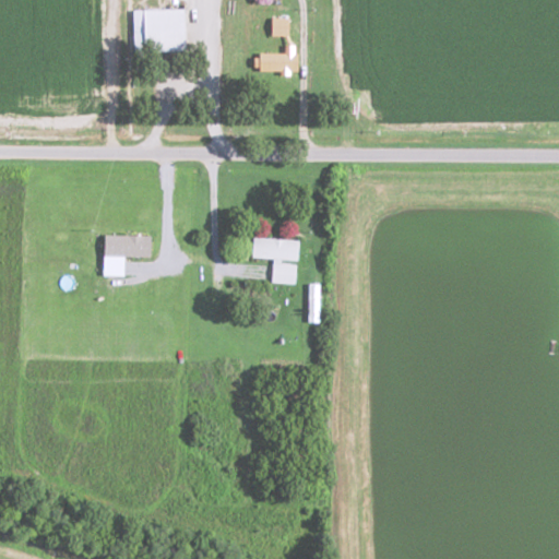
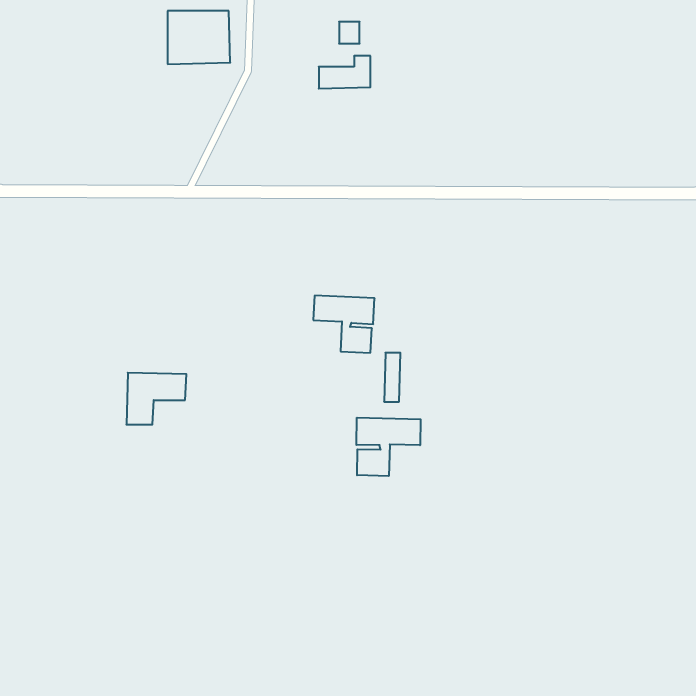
building: [103,234,151,275] -> [126,373,186,425]
building: none -> [356,418,421,476]

